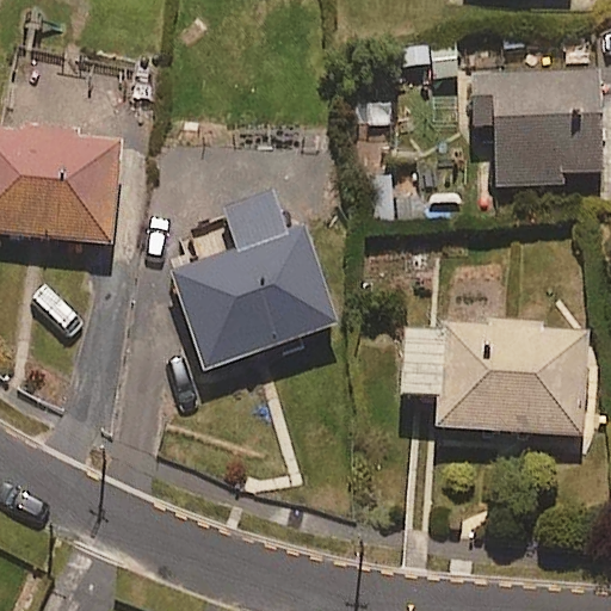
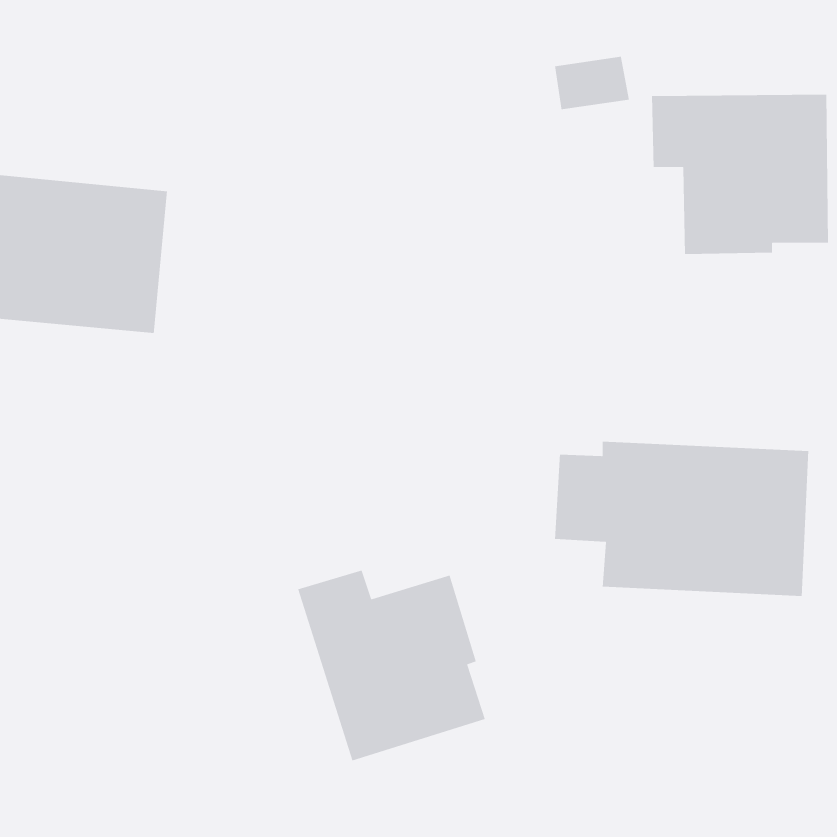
building: [167,220,338,369] -> none
building: none -> [297,569,486,762]

